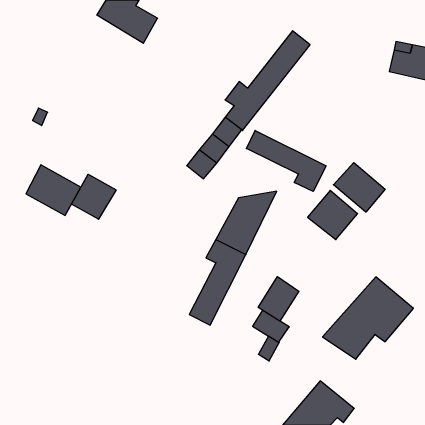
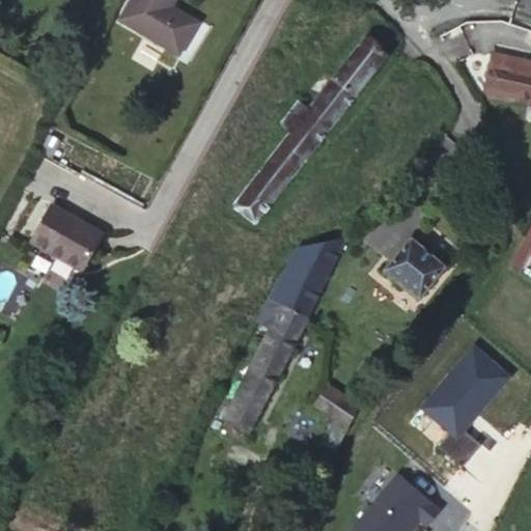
building: [246,130,326,191] -> none
building: [333,163,385,212] -> none
building: [71,174,116,219] -> none
building: [258,277,299,321] -> none
building: none -> [223,392,262,432]

